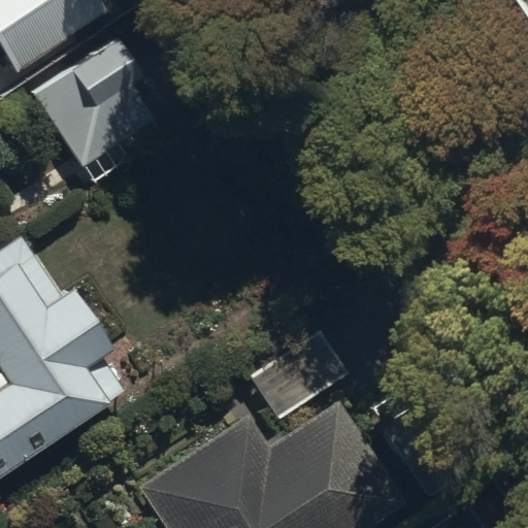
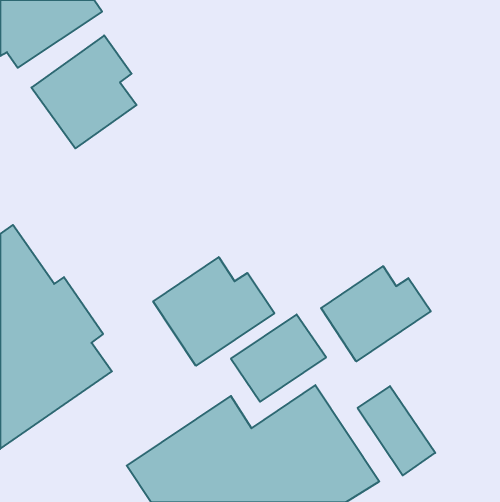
building: none -> [153,257,274,366]
building: none -> [321,266,431,361]

